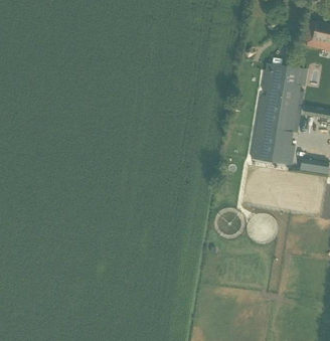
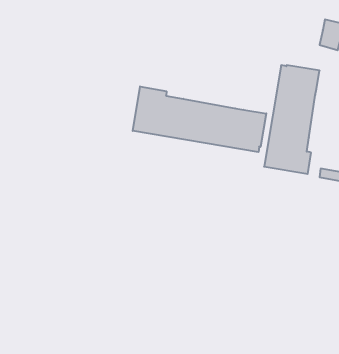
building: none -> [133,86,266,152]

